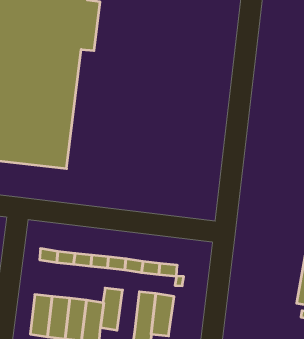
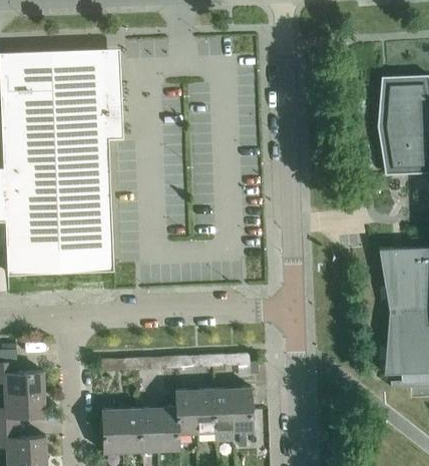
building: none -> [194,389,214,434]

